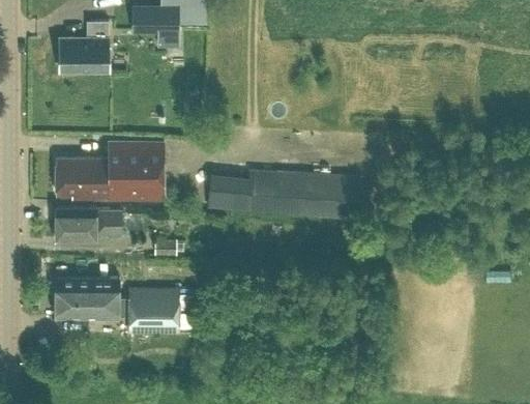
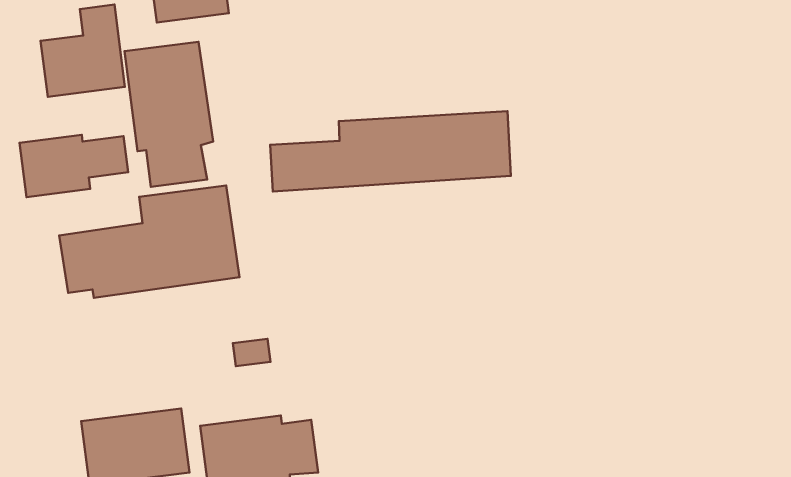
building: none -> [125,42,213,187]
building: [208,170,360,218] -> [270,111,511,191]
building: [56,207,121,241] -> [19,135,128,197]

